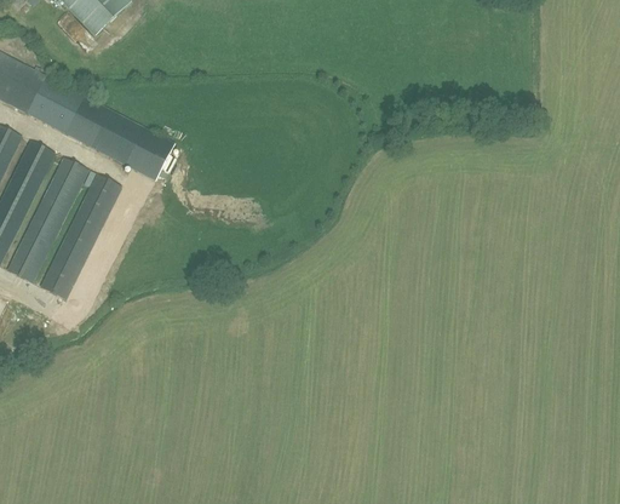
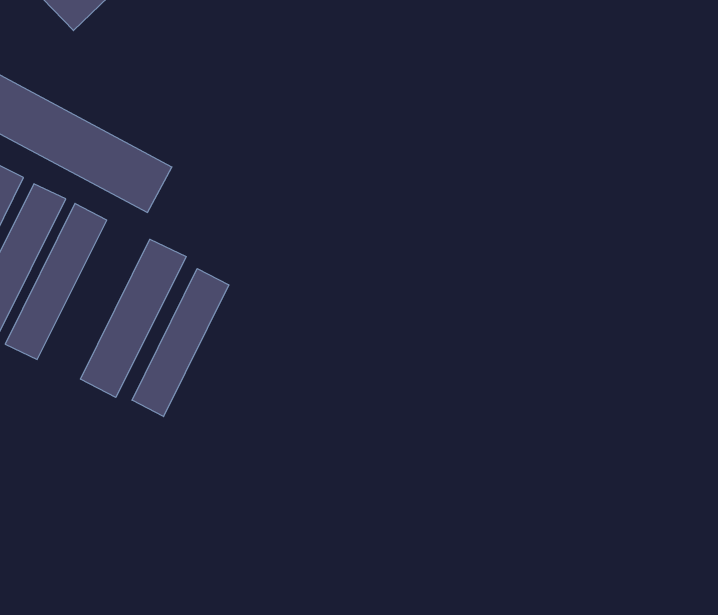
building: none -> [81,239,186,397]
building: none -> [132,269,229,417]

